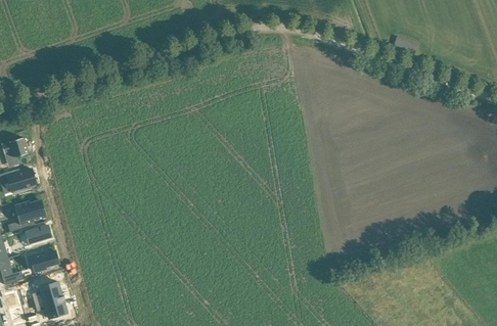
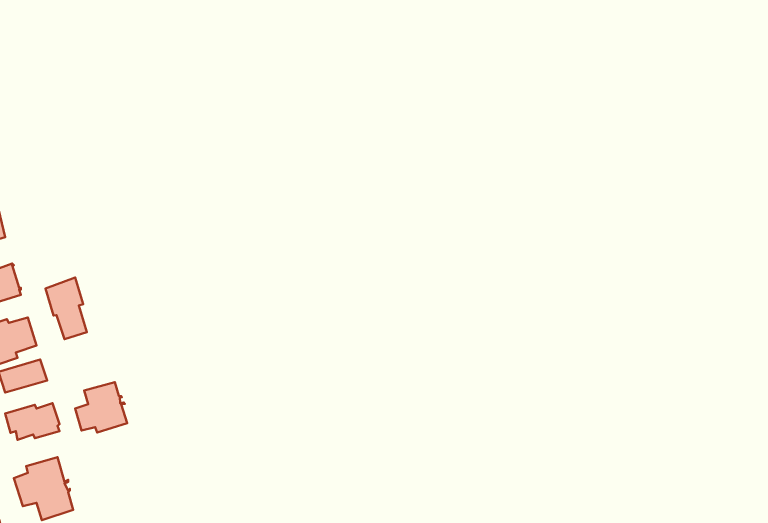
building: none -> [45,277,87,339]
building: none -> [75,382,127,432]

